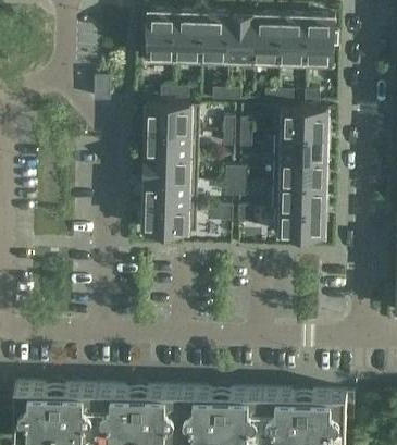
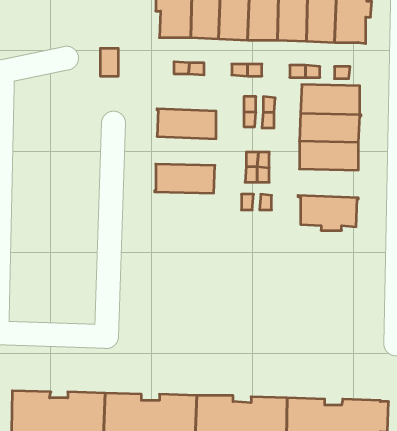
building: [145,104,199,132] -> none
building: [144,154,198,181] -> none
building: [272,184,326,210] -> none
building: [142,205,196,236] -> none

